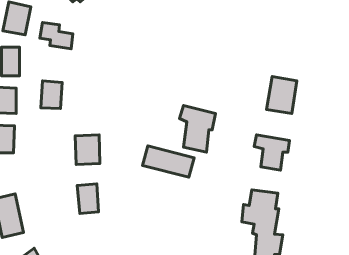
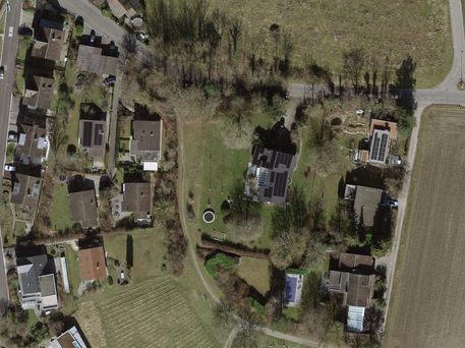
building: none -> [133,120,158,154]
building: none -> [70,189,96,228]
building: [142,146,194,177] -> none
building: [77,184,99,213] -> [77,248,104,285]

